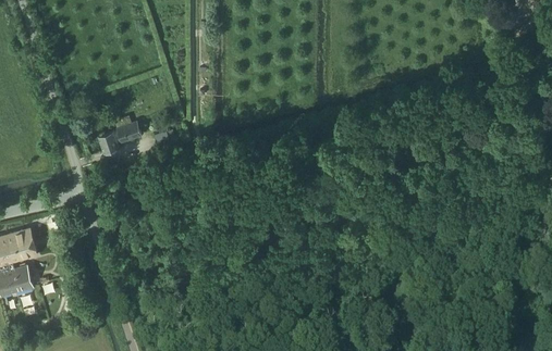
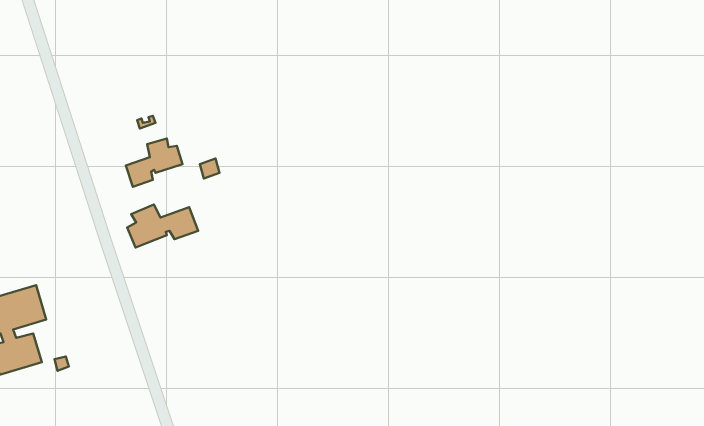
building: none -> [127,205,198,248]

